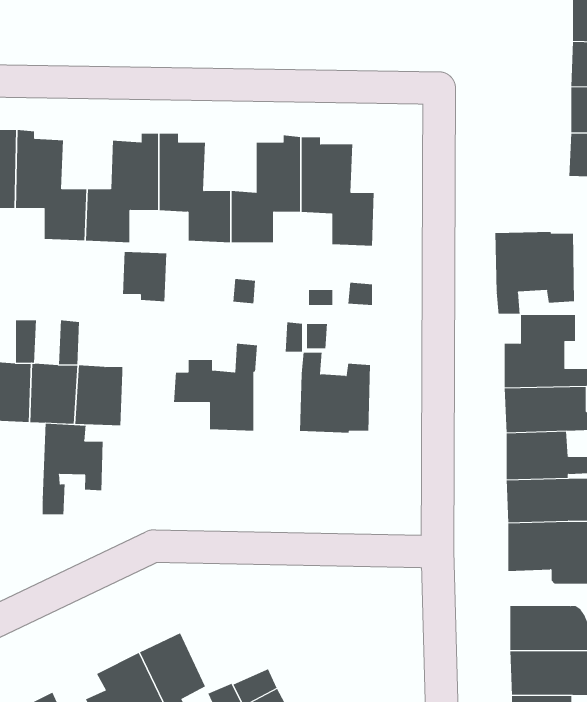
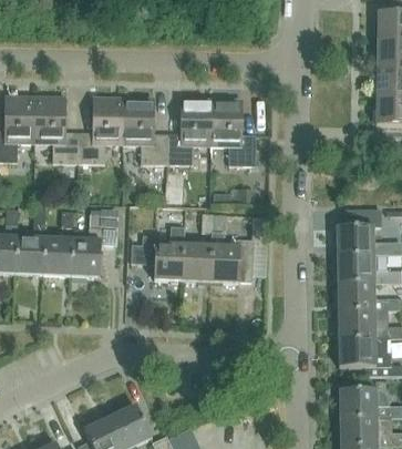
building: [495,231,575,315] -> none
building: [122,252,167,302] -> [90,214,117,245]
building: none -> [182,244,210,280]
building: [42,423,103,515] -> none

